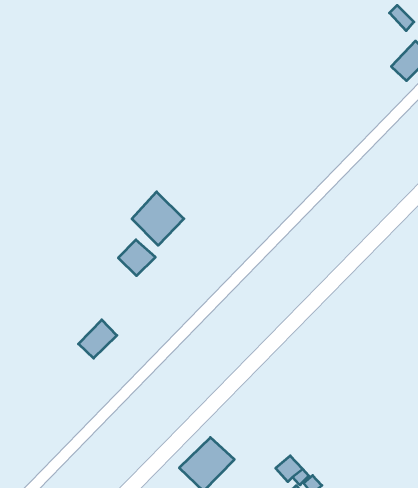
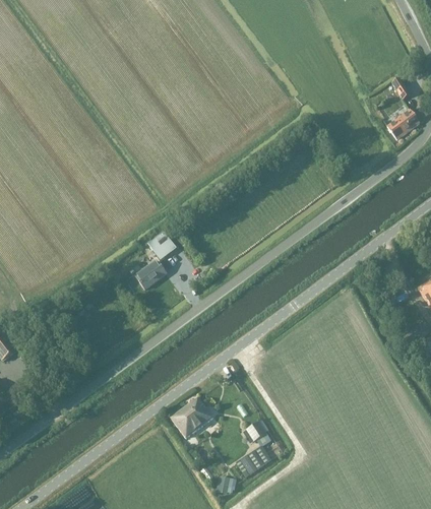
building: [132,192,184,245] -> none
building: [78,320,117,358] -> [135,259,167,289]

